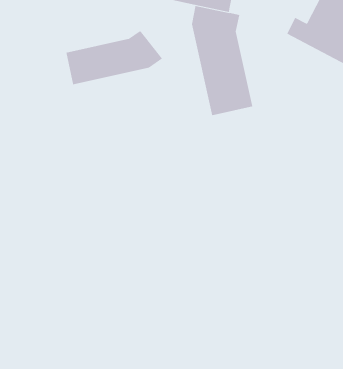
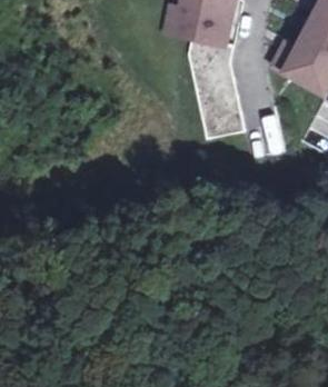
building: [66,30,163,85] -> none

